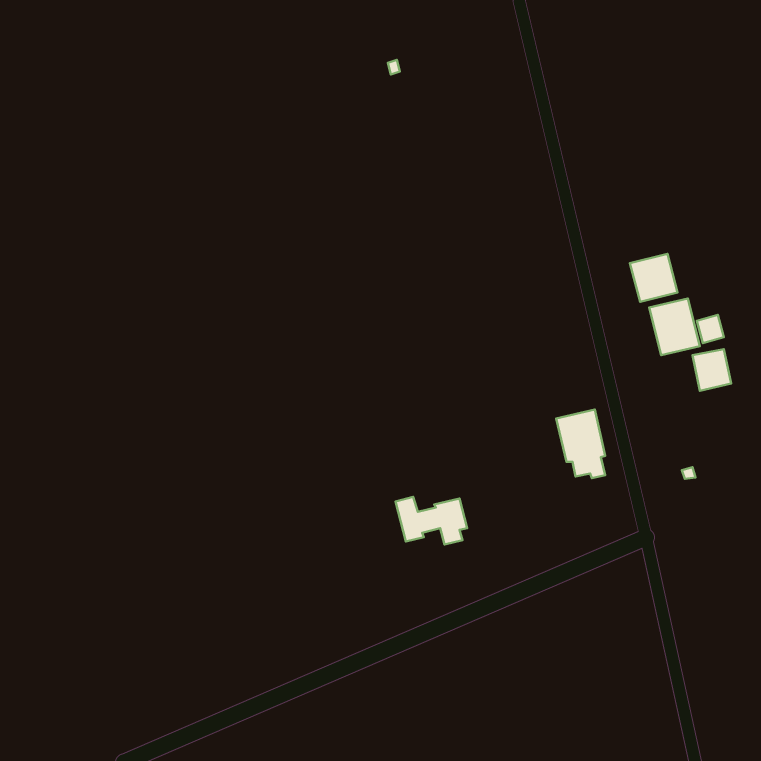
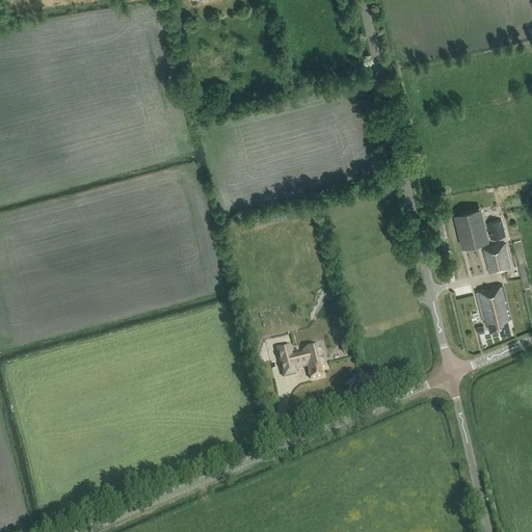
building: [630,254,678,302] -> none
building: [556,409,605,478] -> [475,286,509,334]

